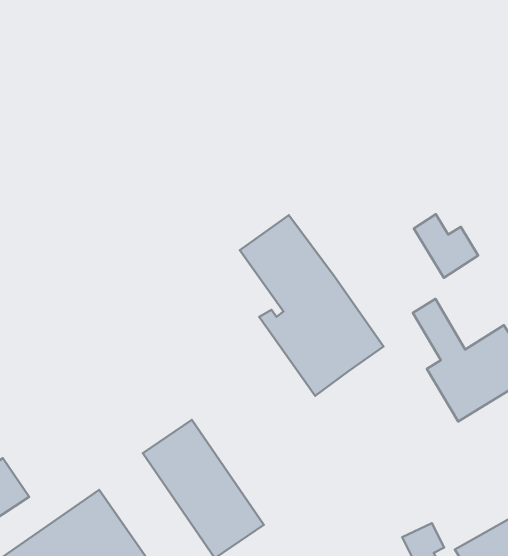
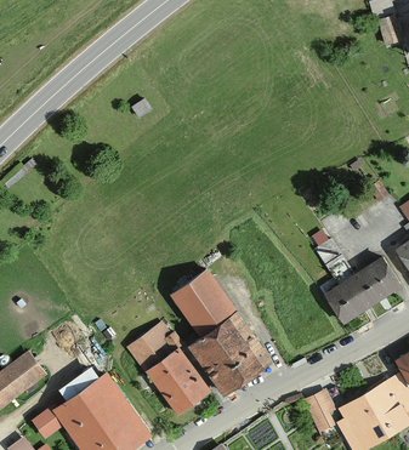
building: [414,214,478,278] -> none
building: [240,215,383,396] -> [174,269,273,394]

